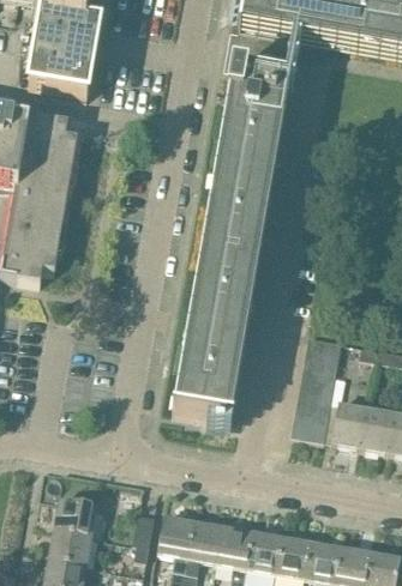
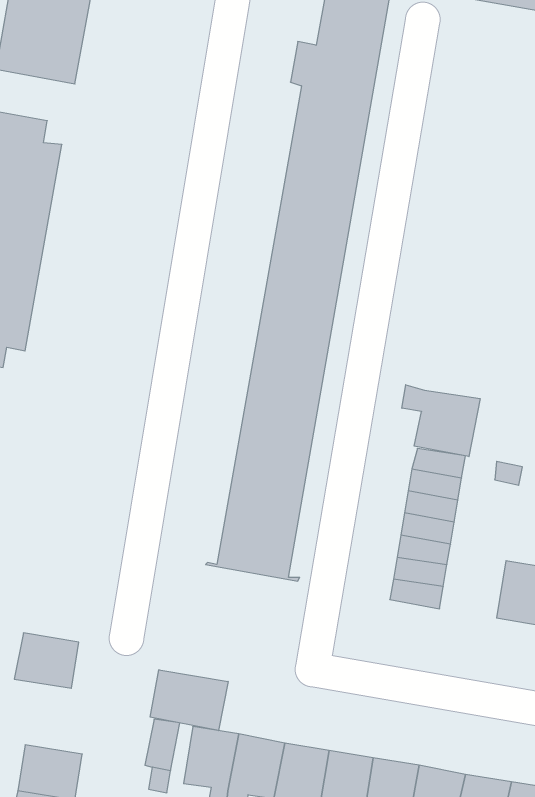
building: none -> [402,385,480,457]
building: [330,400,366,443] -> none
building: none -> [150,670,228,731]
building: [53,496,95,532] -> [14,633,79,688]

